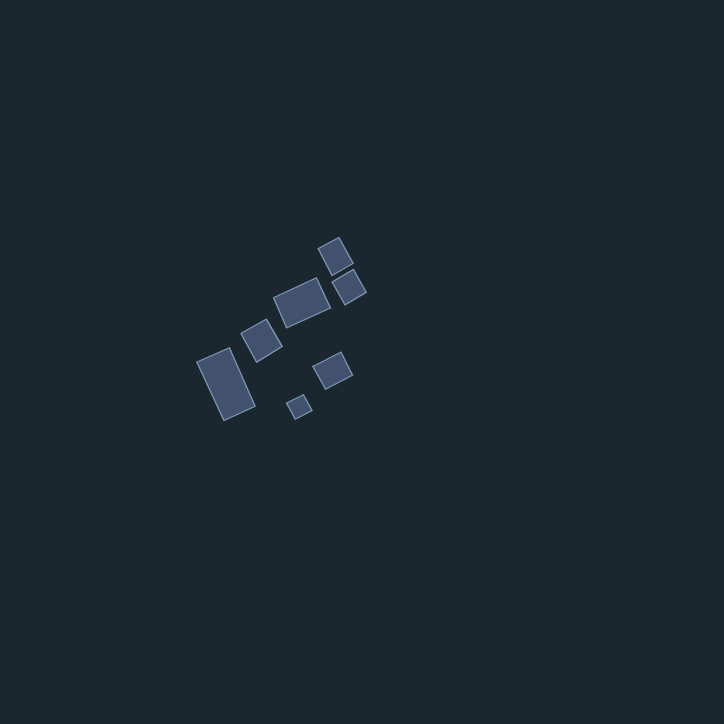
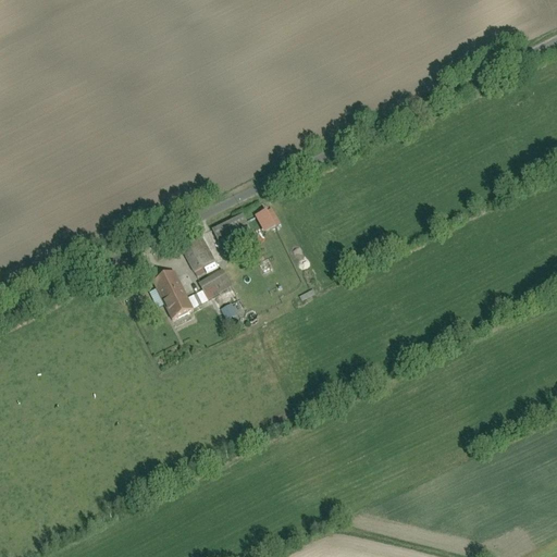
building: [318,238,353,276] -> none
building: [313,352,353,389] -> [199,269,230,297]

